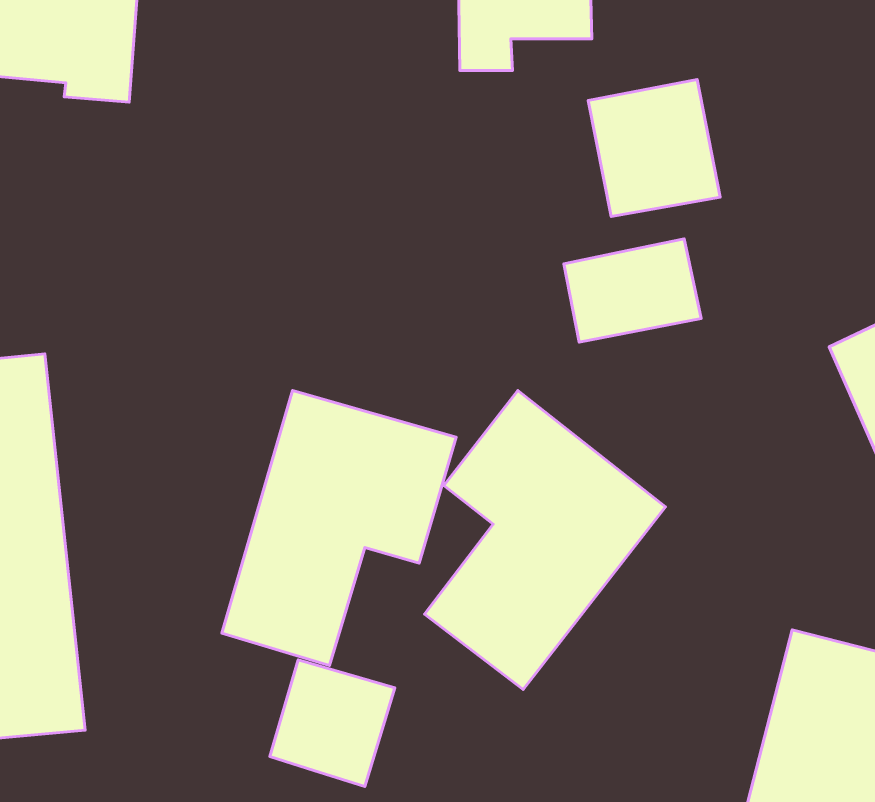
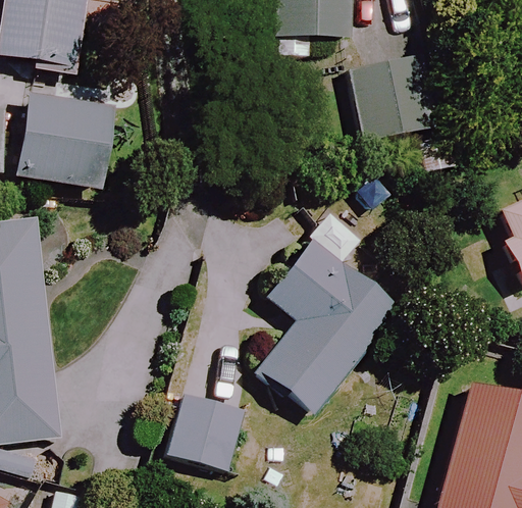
building: none -> [17,95,124,189]
building: [564,239,701,342] -> none
building: [222,390,456,666] -> none

